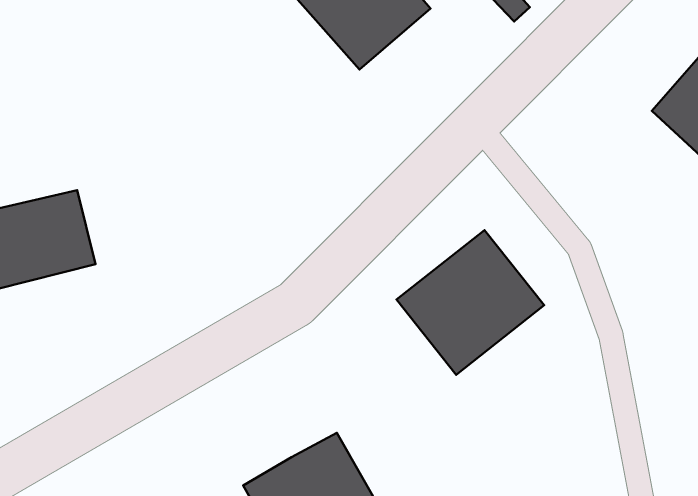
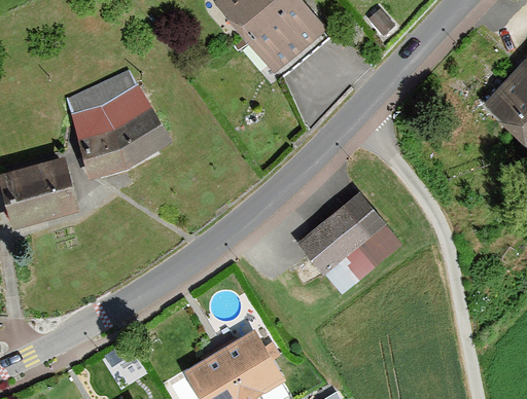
building: none -> [68,68,168,176]

